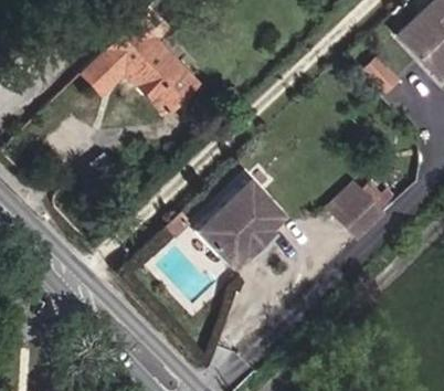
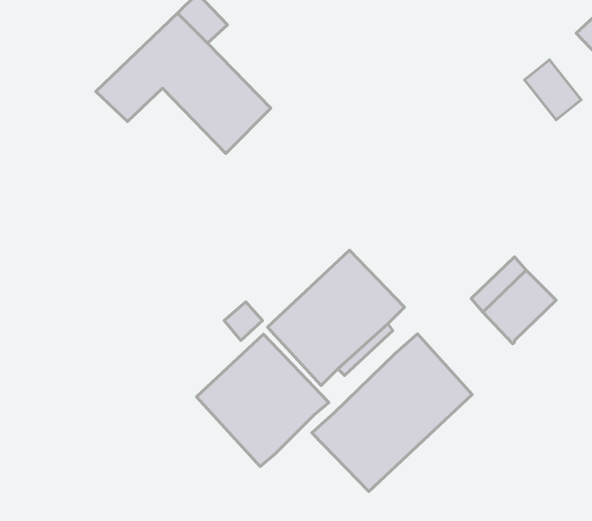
building: none -> [312,334,472,492]
building: none -> [197,334,329,466]

